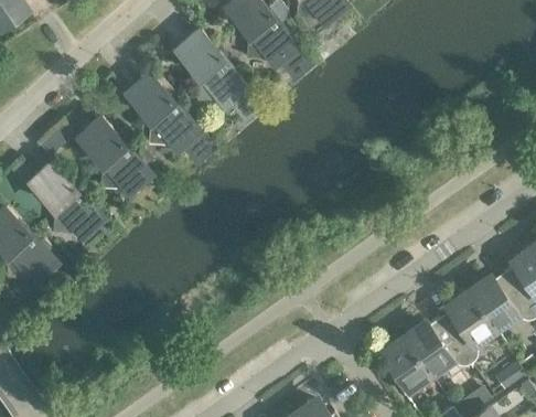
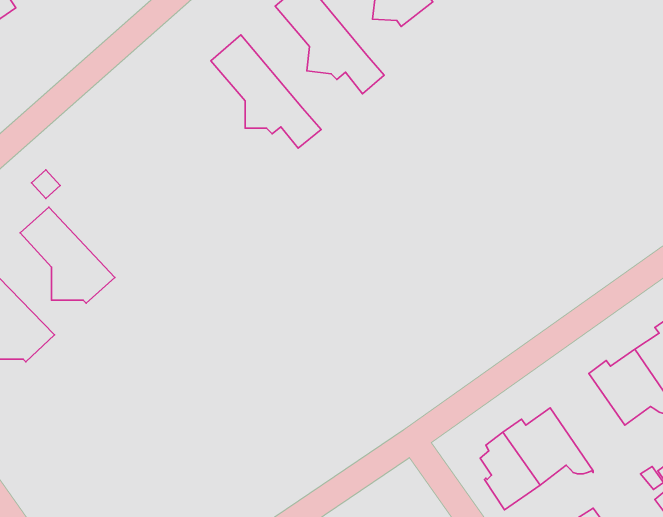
building: [127,73,212,159] -> none
building: [78,117,150,192] -> none
building: [438,290,495,365] -> none

